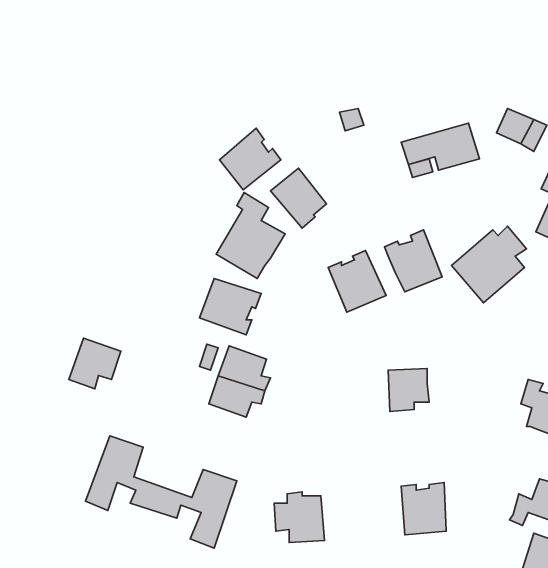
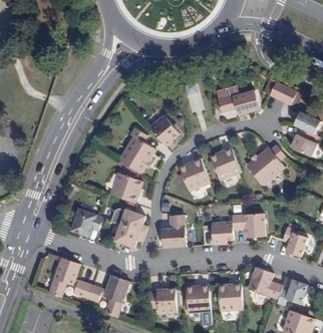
building: [220,128,281,190] -> none
building: [69,338,121,389] -> [74,210,102,237]
building: none -> [231,212,265,237]
building: none -> [162,214,187,247]
building: none -> [248,267,282,299]
building: none -> [186,284,210,312]

